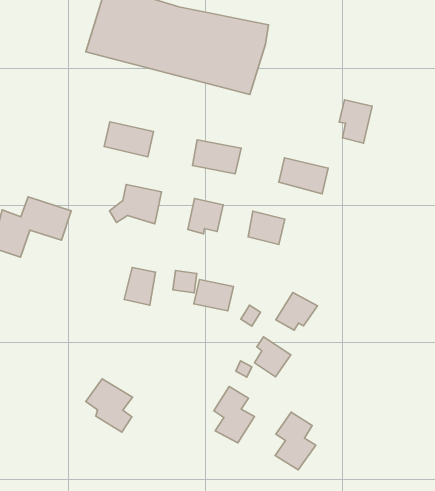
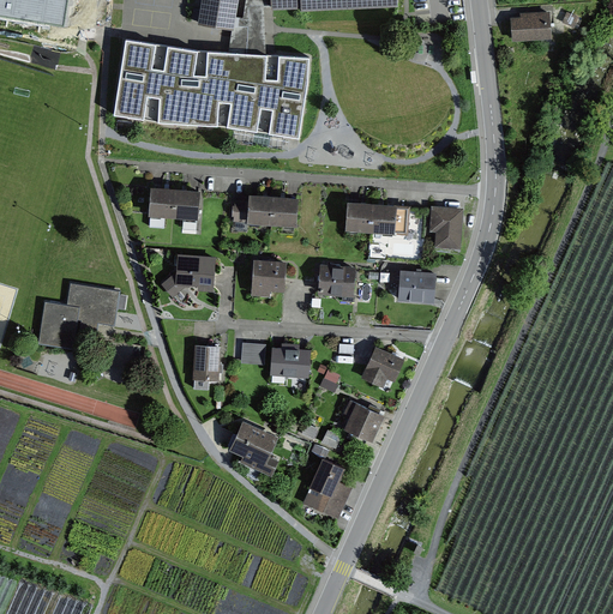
building: [339,100,372,143] -> [429,205,463,249]
building: none -> [397,270,435,303]
building: [86,379,132,432] -> [227,421,280,476]
building: [275,412,316,470] -> none

